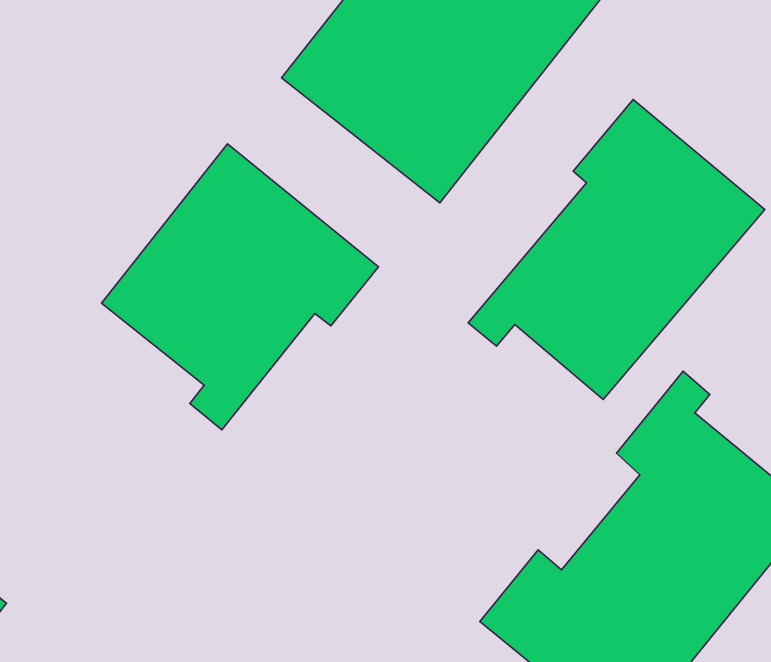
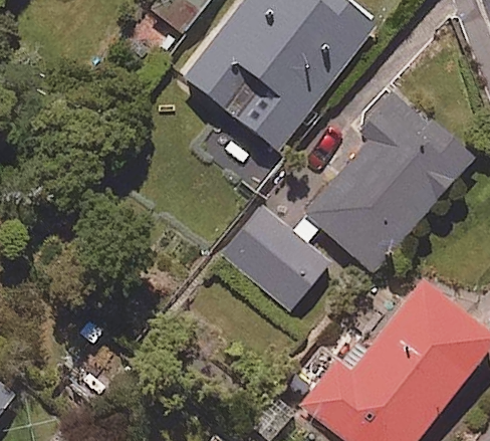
building: [102,144,379,430] -> none
building: none -> [224,204,330,307]

